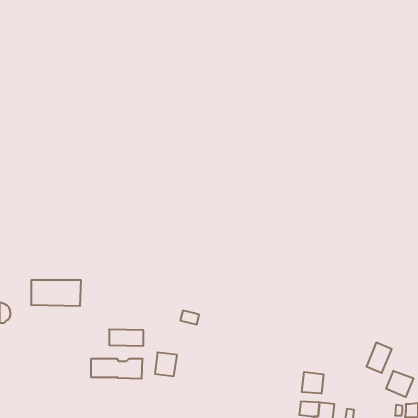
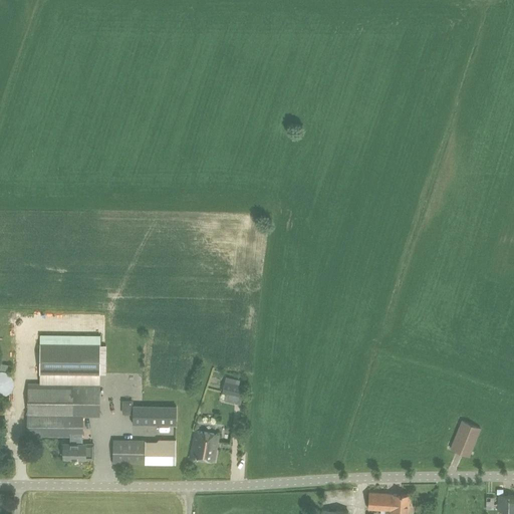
building: none -> [26,383,99,459]
building: [386,371,413,397] -> none
building: [302,372,323,394] -> none

